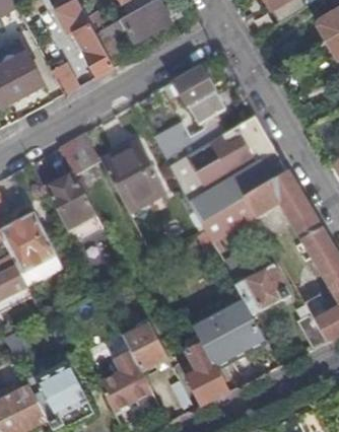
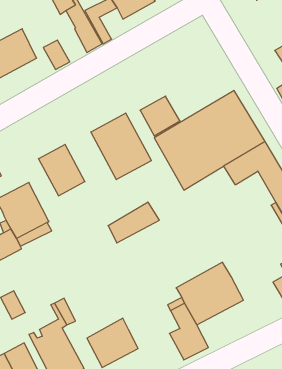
building: [173,67,223,125] -> none
building: [58,132,100,174] -> none
building: [200,198,255,241] -> [108,202,159,243]
building: [233,266,287,315] -> none
building: [123,325,166,372] -> none

